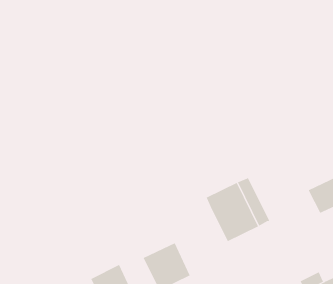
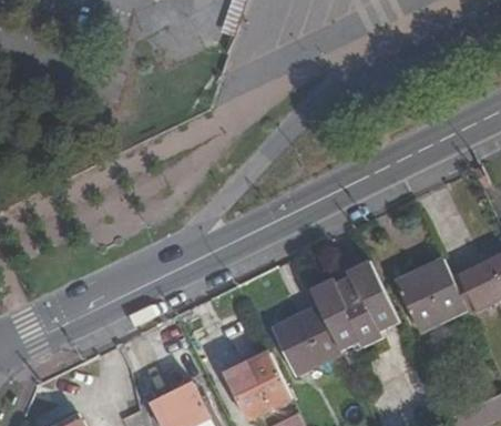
building: none -> [396,267,470,342]
building: none -> [272,306,340,375]

